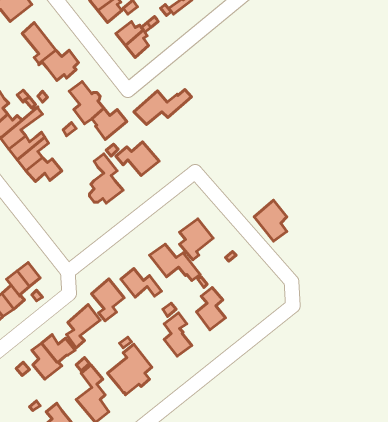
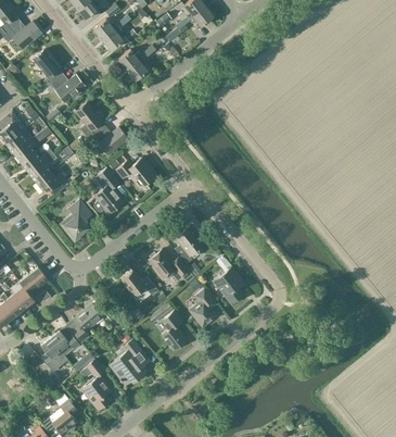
building: [134,90,192,125] -> none
building: none -> [67,201,90,241]
building: [254,200,287,241] -> [214,267,243,304]
building: [92,279,124,321] -> none

